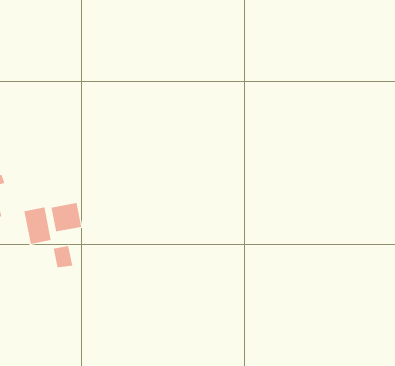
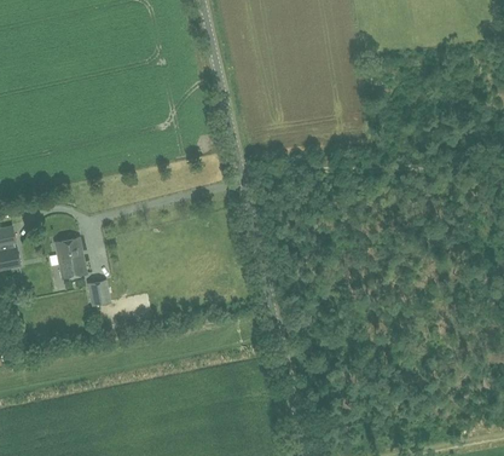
building: [51,202,82,232] -> none

